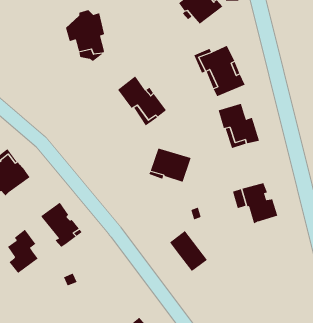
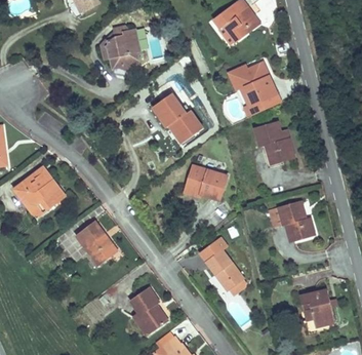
building: [7,229,39,274] -> none
building: none -> [129,286,167,334]
building: none -> [298,288,334,325]

